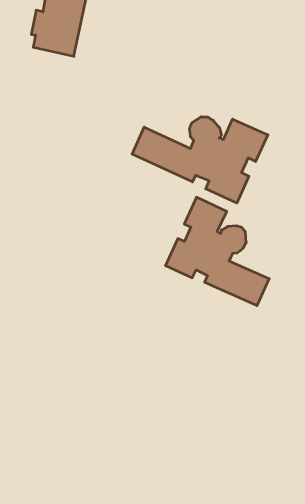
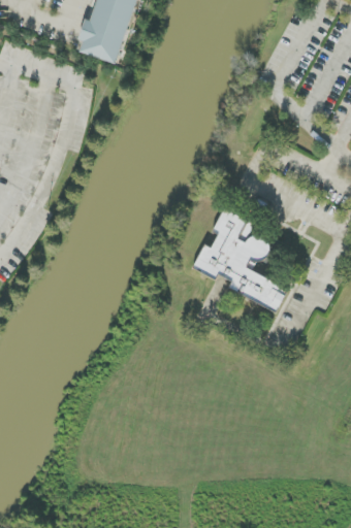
building: [132,117,268,203] -> none

